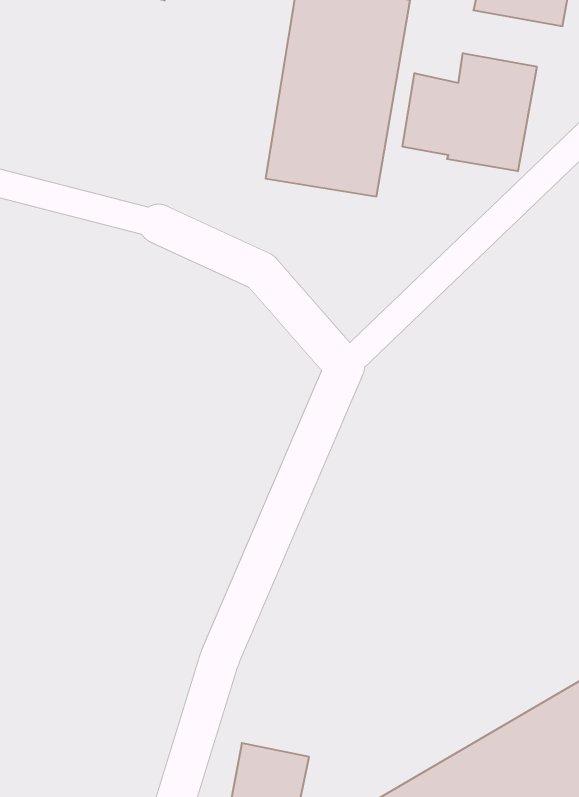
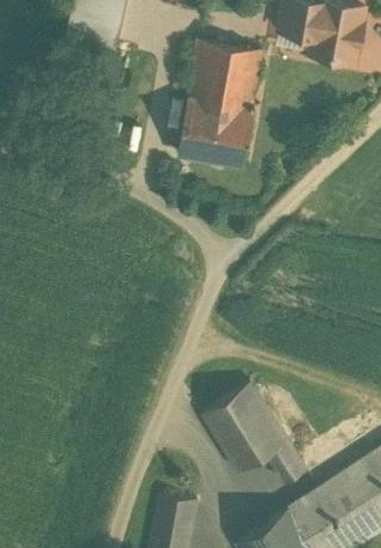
building: [403,53,537,171] -> none
building: none -> [202,382,322,491]

